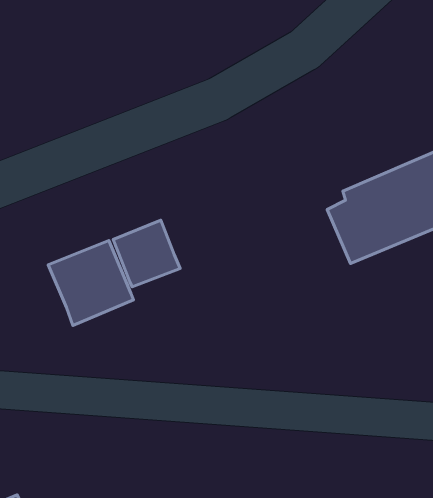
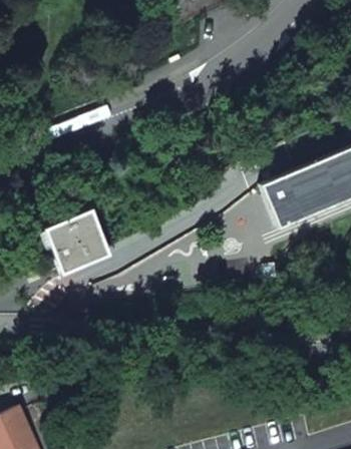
building: [113,220,180,287] -> none

